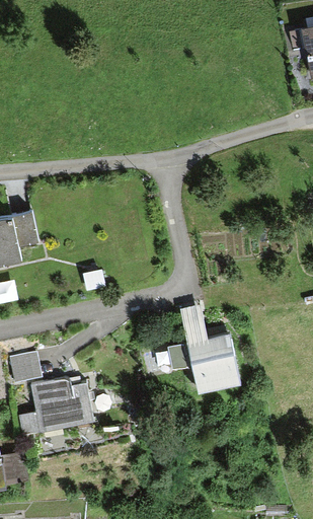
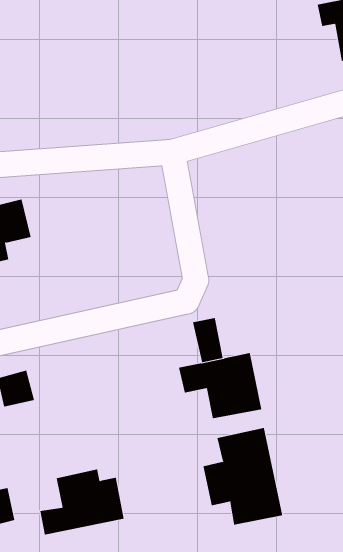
building: [18,378,92,436] -> [40,469,125,535]
building: none -> [203,427,283,526]

